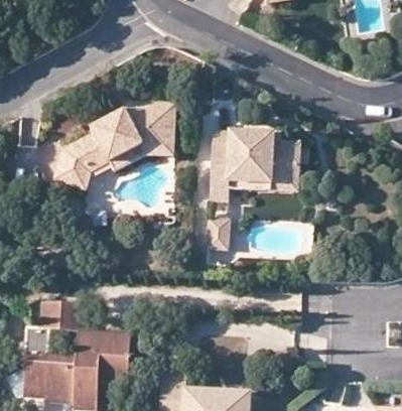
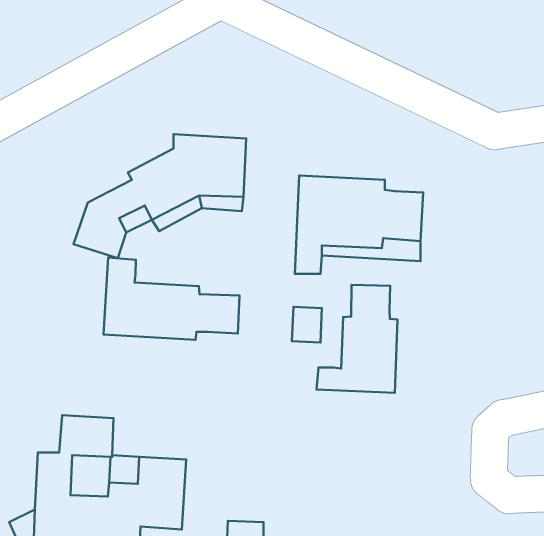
building: none -> [104,257,240,340]
building: none -> [317,285,398,393]

